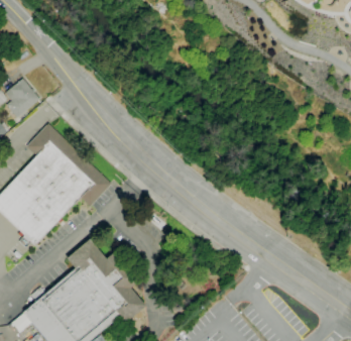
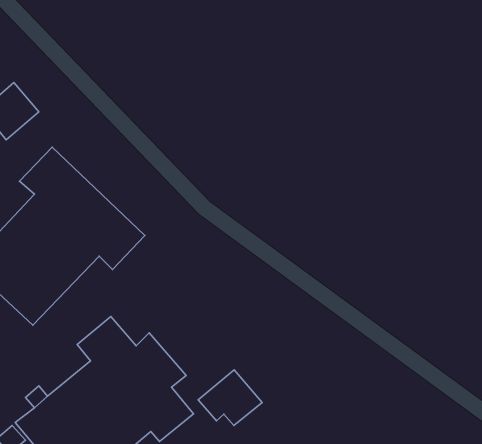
building: none -> [198,370,262,426]

